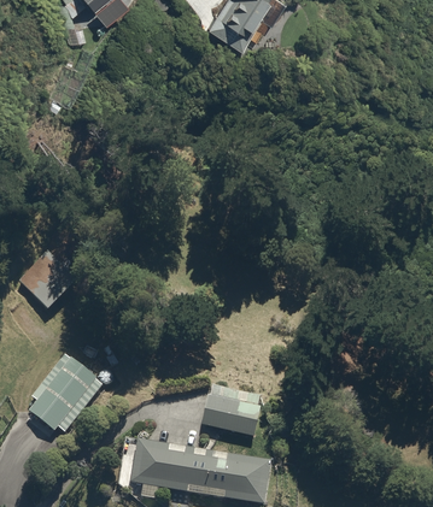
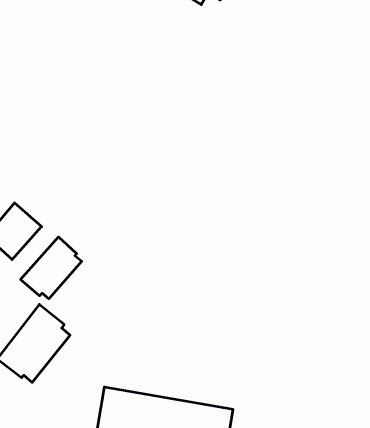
building: none -> [21,237,82,299]
building: [201,384,263,435] -> none

